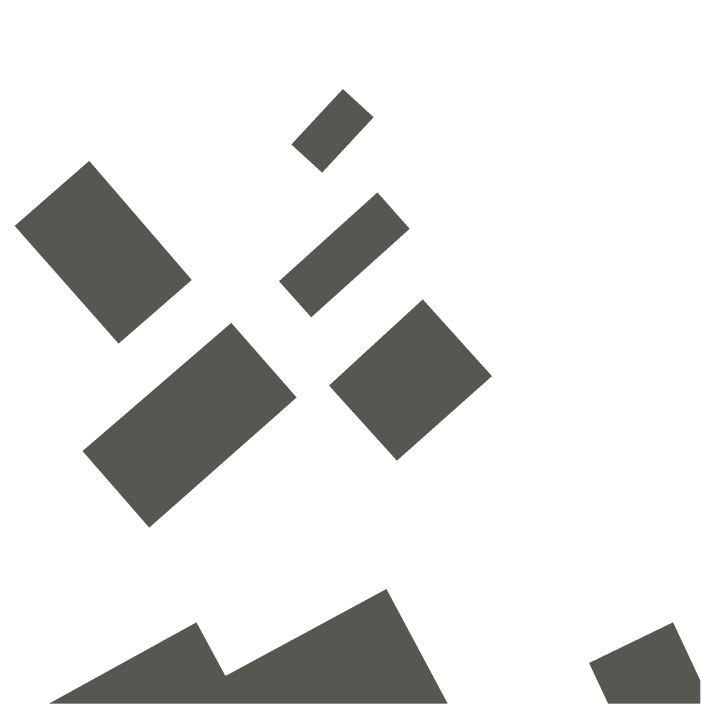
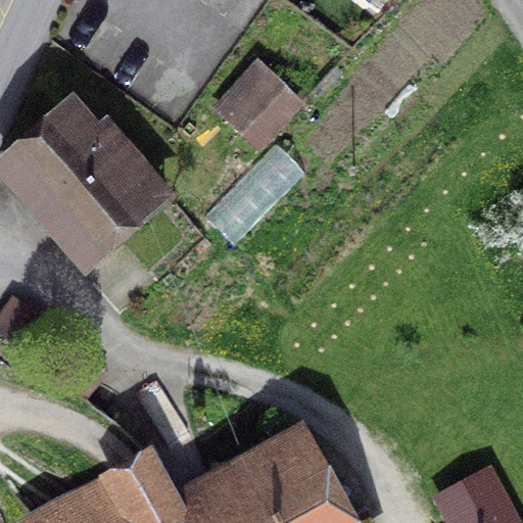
building: [328,299,493,461] -> none
building: [82,322,297,528] -> none

